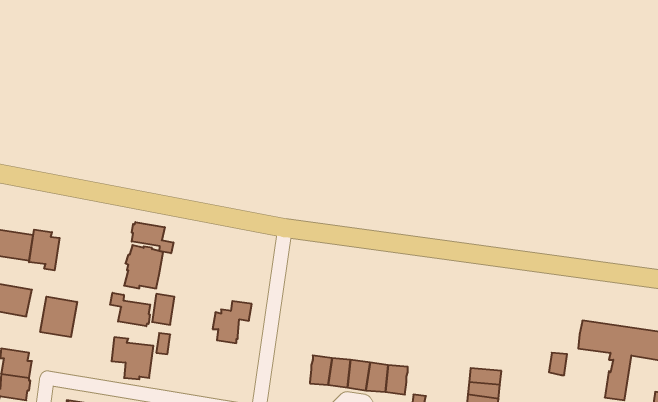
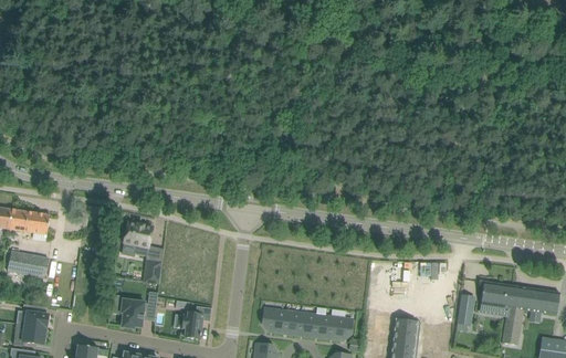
building: [132,222,173,253] -> none
building: [29,230,60,270] -> none
building: [110,293,150,326] -> none
building: [40,297,77,337] -> none
building: [213,301,252,343] -> [181,306,212,339]

